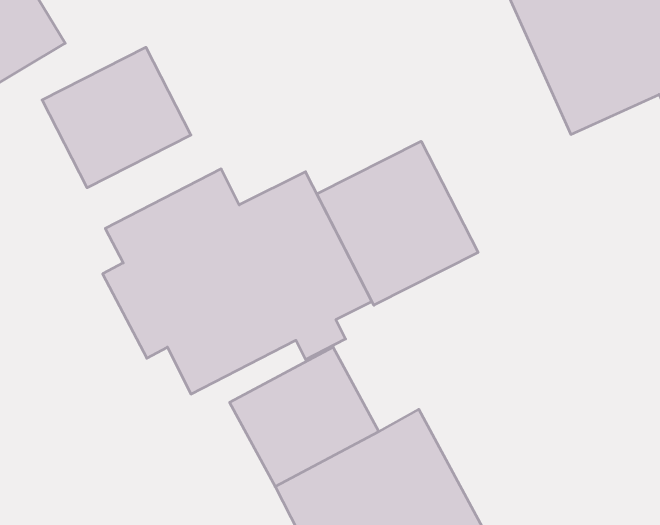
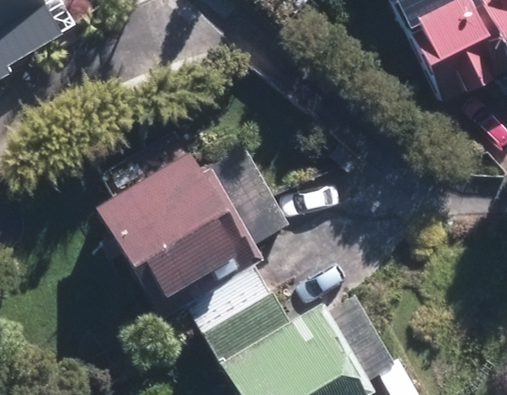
building: [42,47,191,188] -> none
building: [317,141,478,305] -> none

